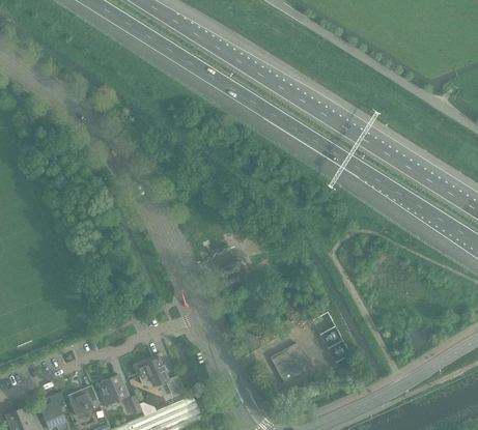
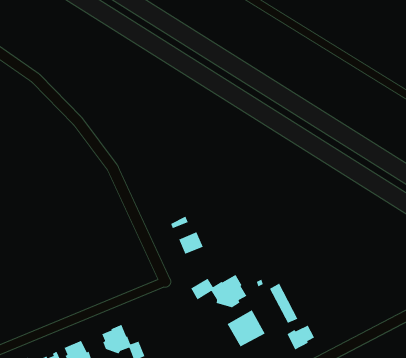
building: none -> [190,274,247,308]
building: none -> [287,325,315,350]

